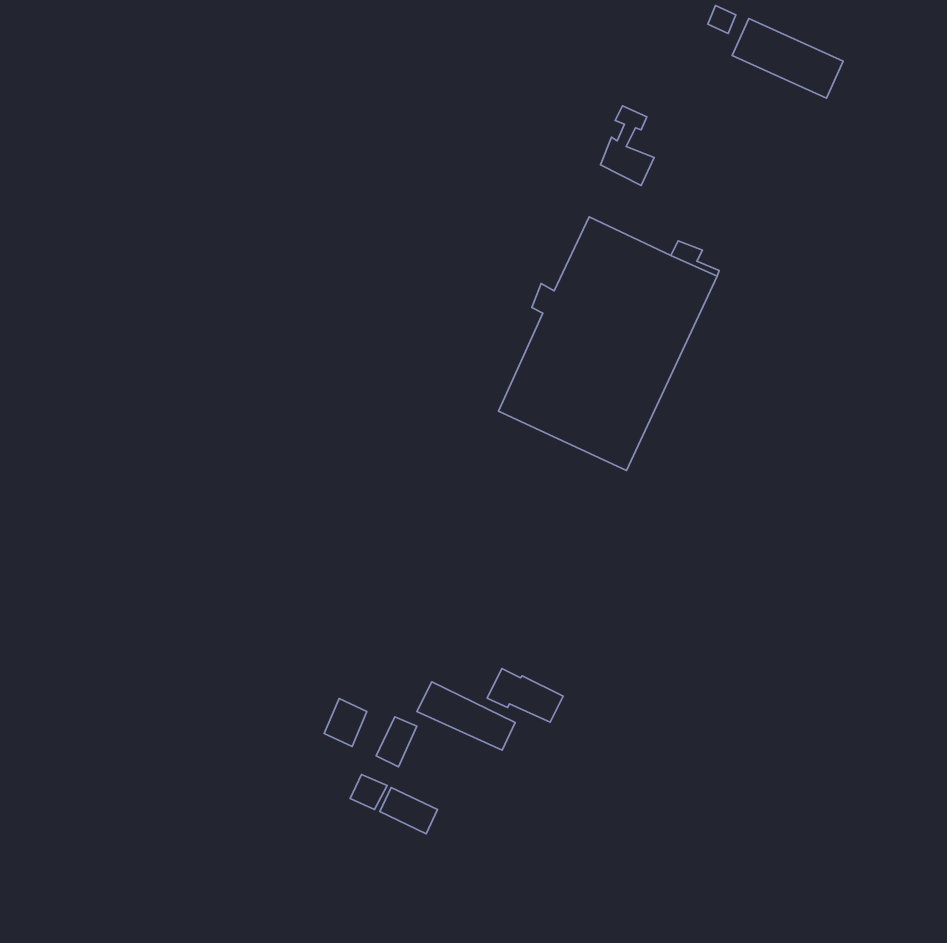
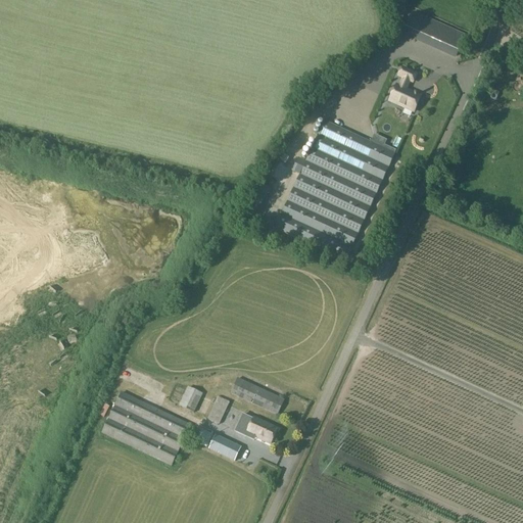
building: [600,106,654,185] -> [390,66,420,110]
building: [487,669,563,722] -> [235,413,277,442]
building: none -> [101,390,191,465]

